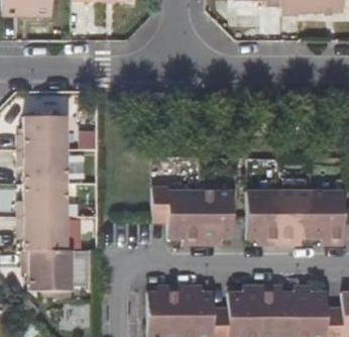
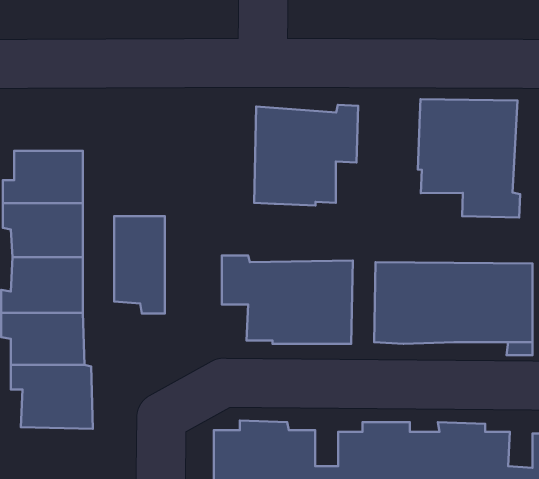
building: none -> [418,99,520,218]
building: none -> [254,105,358,206]
building: none -> [114,216,165,313]

